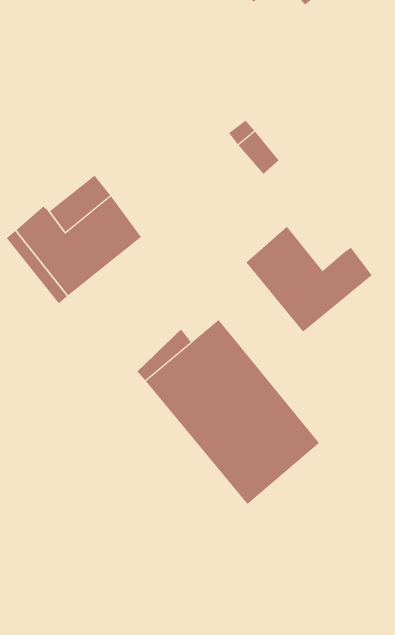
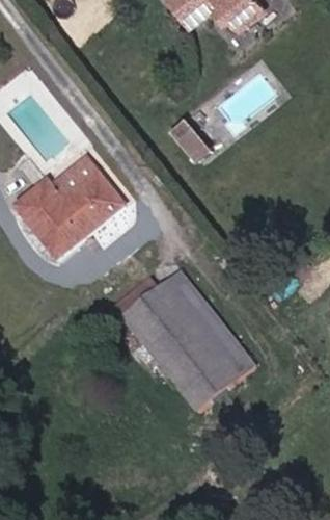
building: [245,226,372,333] -> none

